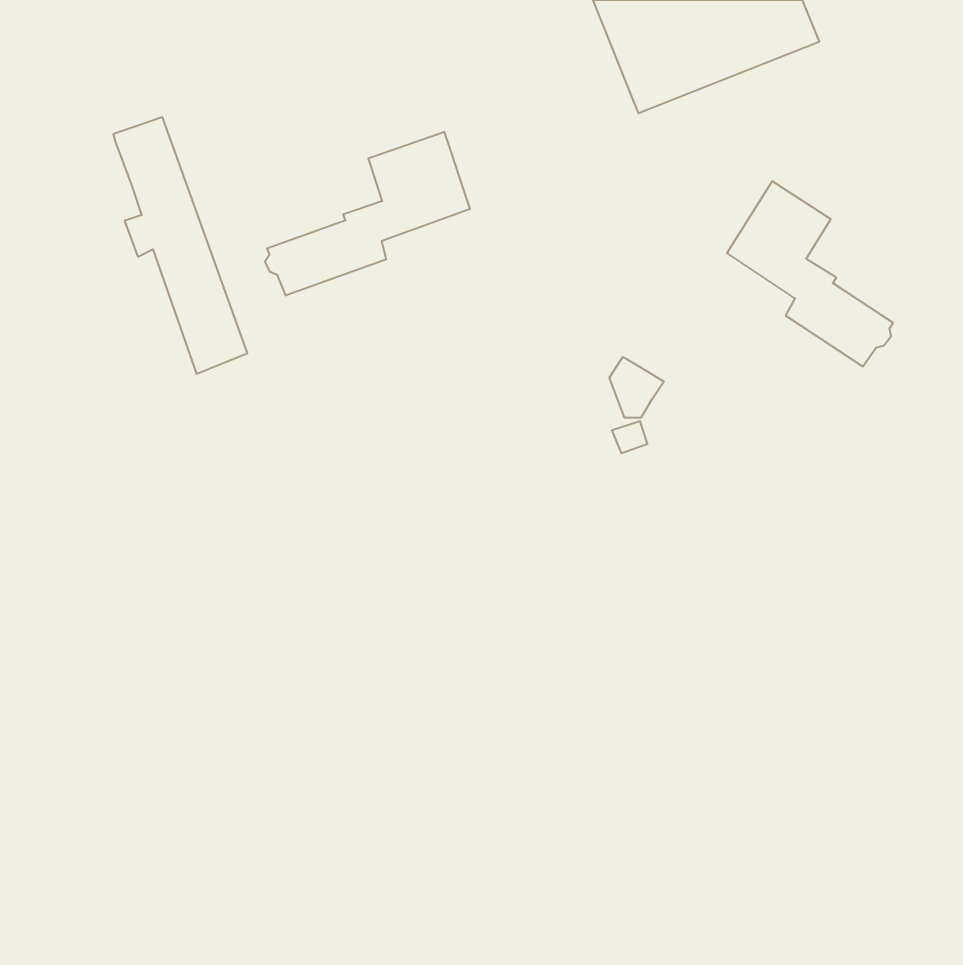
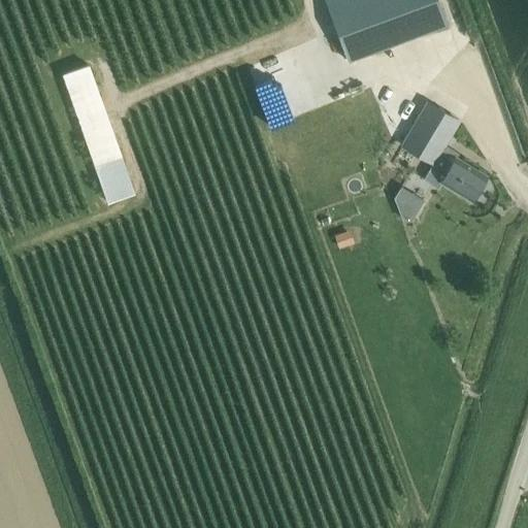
building: [265,132,470,296] -> none
building: [609,357,664,417] -> [395,187,425,220]

